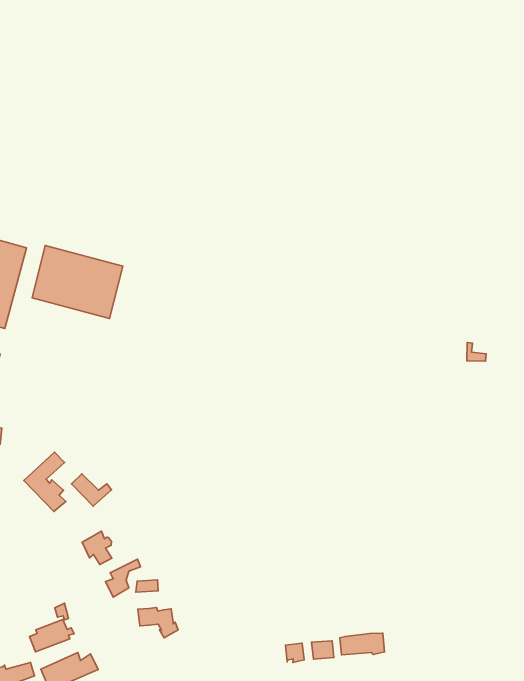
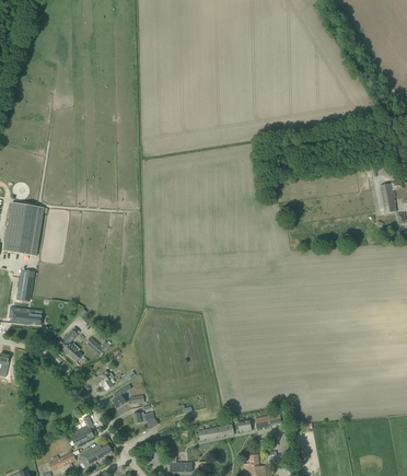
building: [32,246,123,319] -> none

